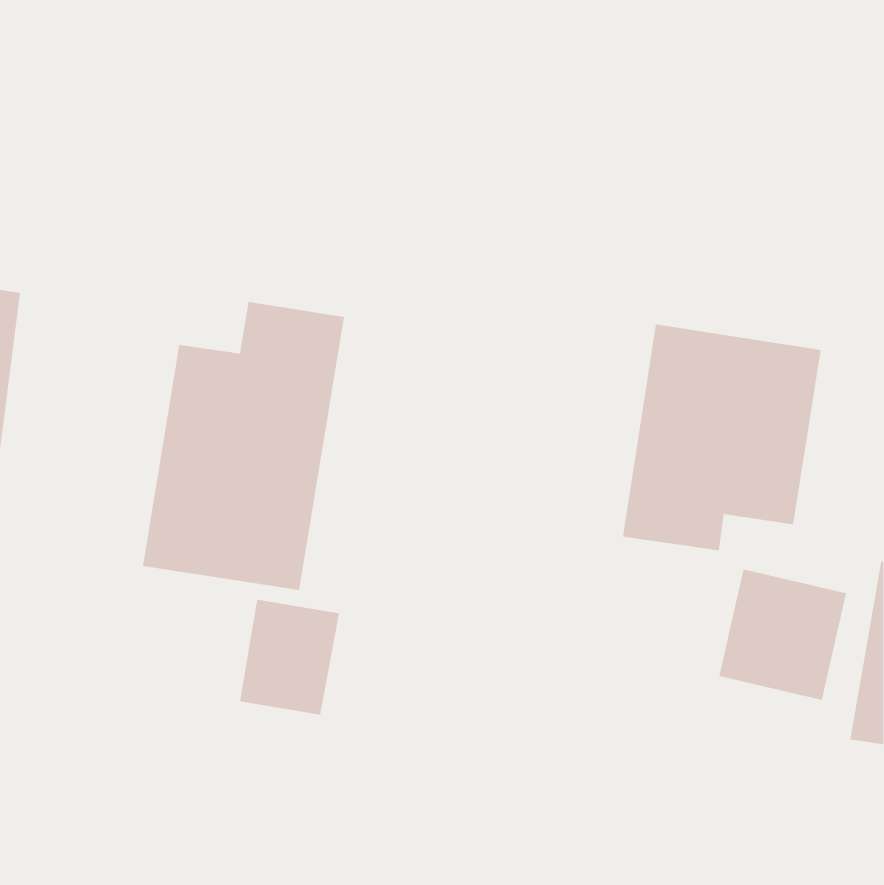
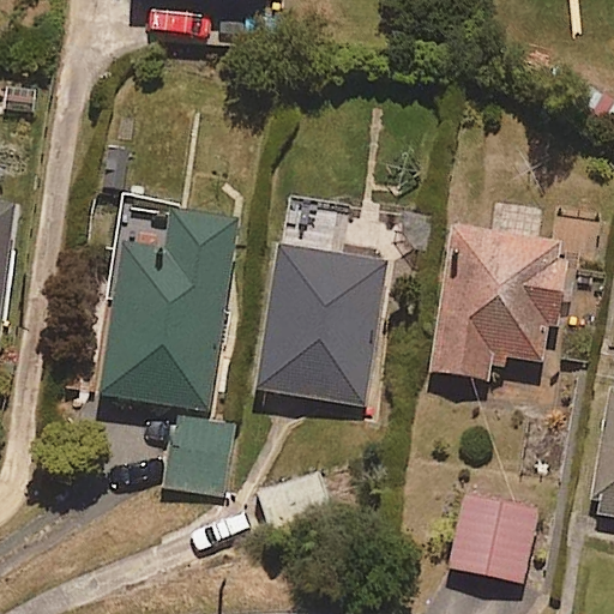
building: none -> [255,243,387,407]
building: [719,569,847,701] -> [450,492,538,583]

